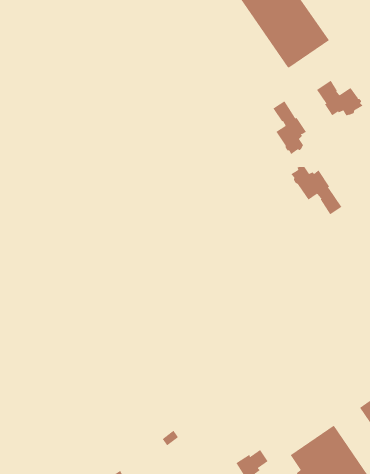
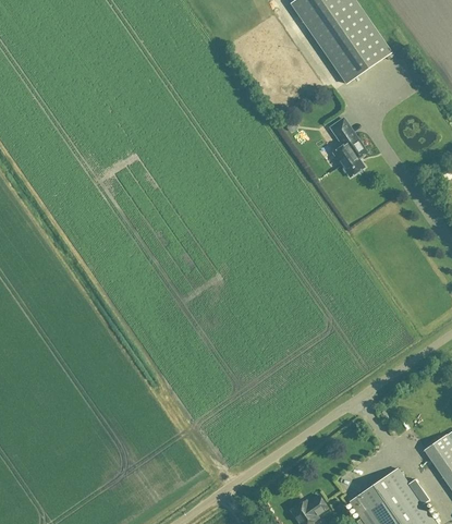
building: [316,80,363,116] -> none
building: [290,166,342,215] -> none

